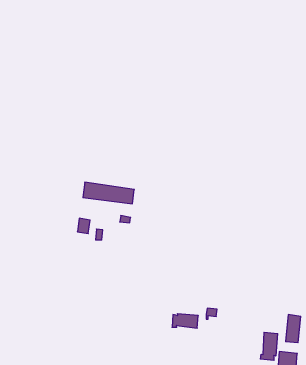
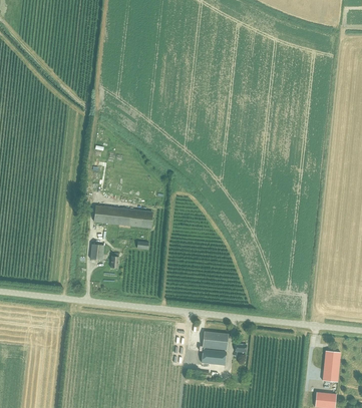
building: none -> [202,332,227,350]
building: [260,332,278,360] -> none

